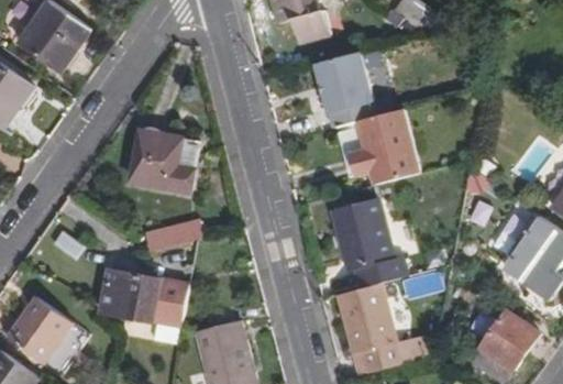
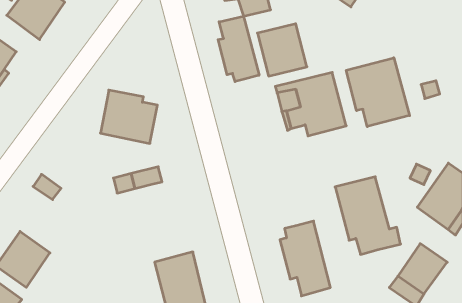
building: none -> [218,16,259,82]
building: none -> [346,58,410,127]
building: [331,198,408,289] -> [335,177,401,254]
building: [101,271,187,323] -> none

